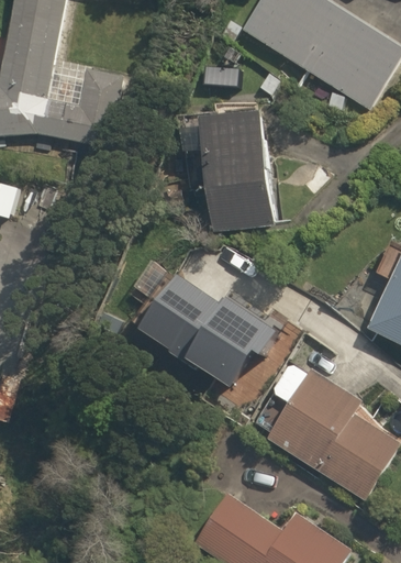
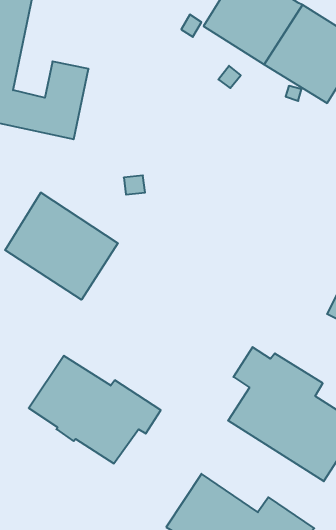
building: [202,112,271,232] -> none
building: none -> [5,192,118,300]
building: [145,280,281,391] -> [29,356,161,463]

